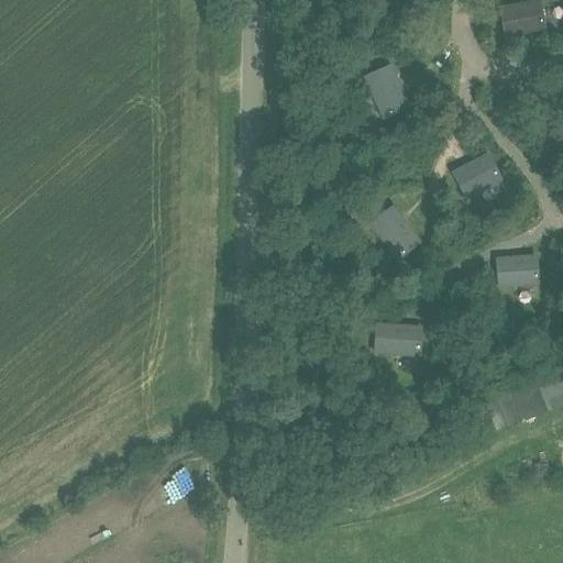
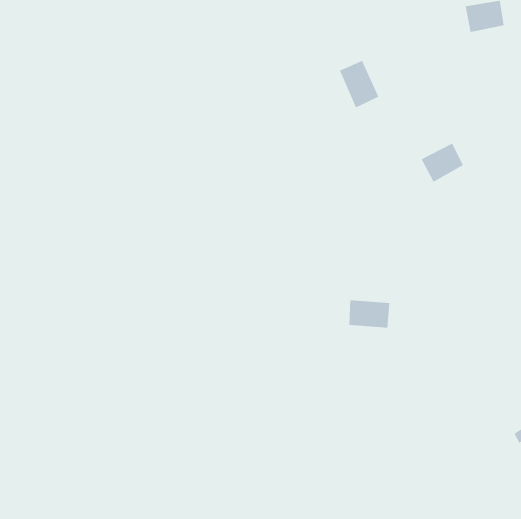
building: [372,206,420,257] -> none
building: [497,255,539,286] -> none

